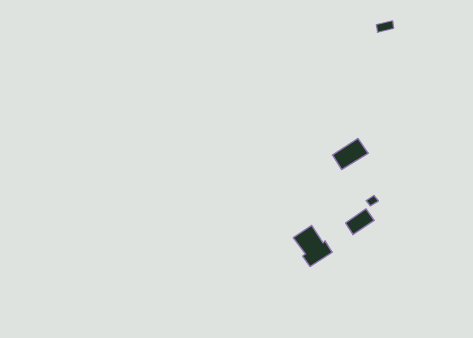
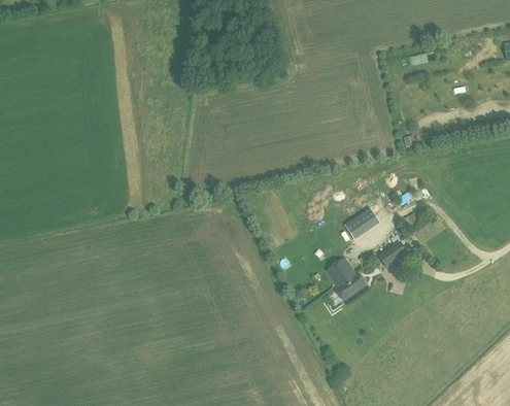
building: [332,139,368,169] -> [344,208,380,239]

